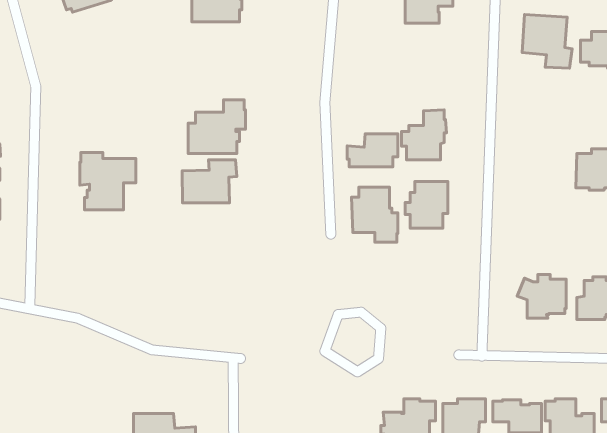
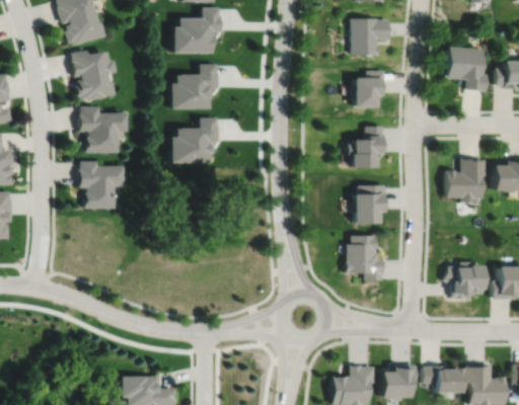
building: none -> [71,50,117,100]
building: none -> [170,64,218,108]
building: none -> [351,71,385,106]
building: none -> [78,106,128,153]
building: [347,134,398,167] -> none
building: none -> [446,158,486,202]
building: [182,160,237,203] -> none
building: [352,187,398,242] -> [345,236,383,281]

